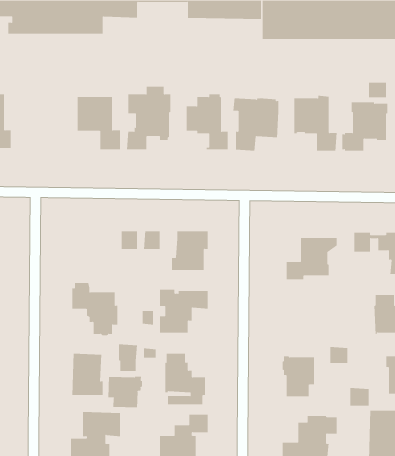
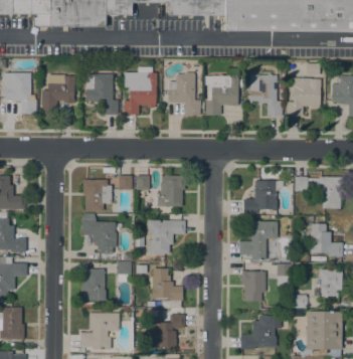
building: none -> [41,73,74,113]
building: none -> [82,179,112,210]
building: none -> [239,221,278,259]
building: [108,376,143,408] -> none

